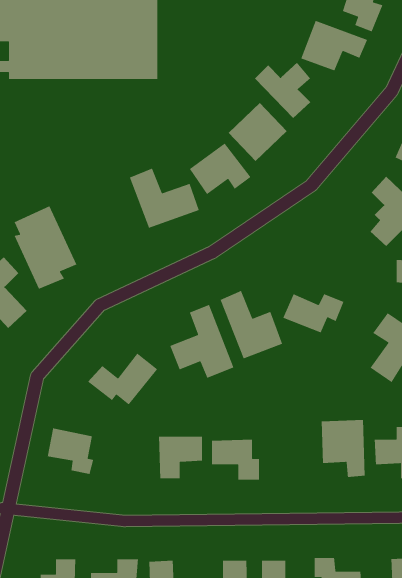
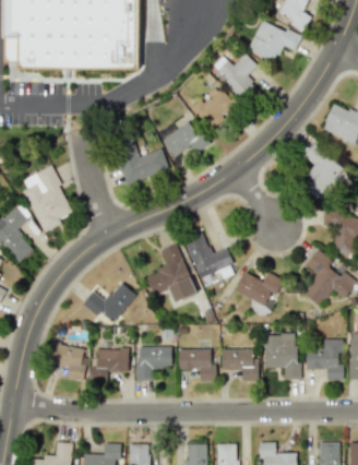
building: [282,293,345,333] -> [235,273,284,305]
building: none -> [92,348,129,381]
building: none -> [220,349,259,381]

